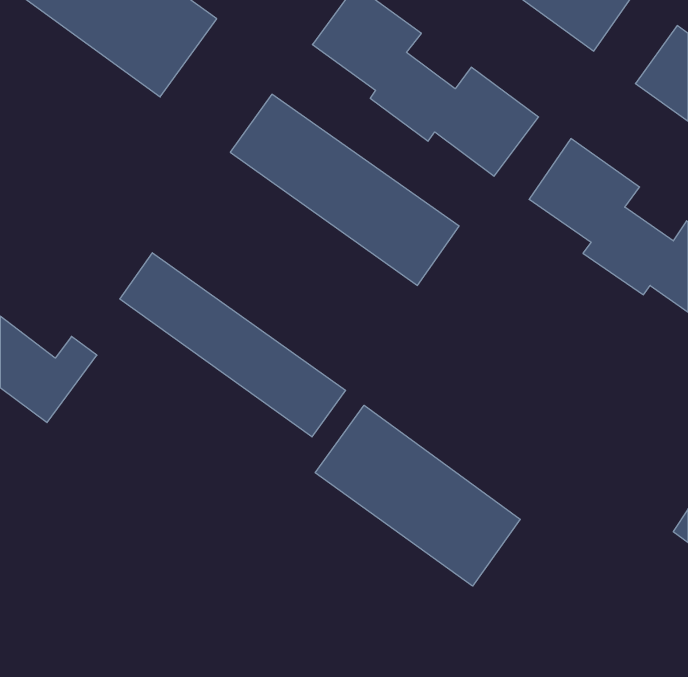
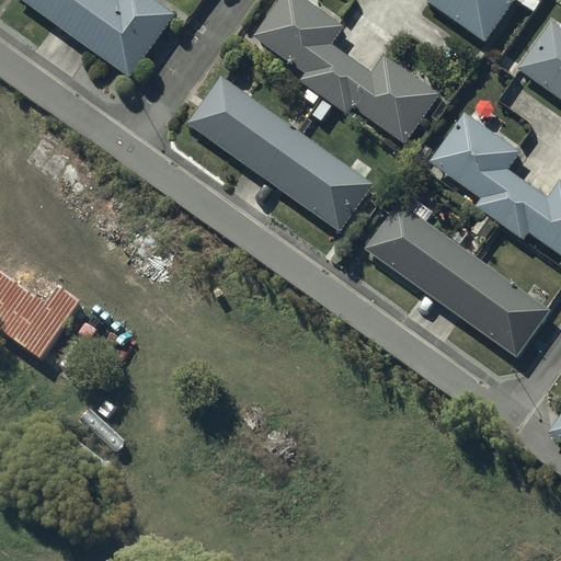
building: none -> [366,203,550,358]
building: [120,253,346,437] -> none
building: [315,405,520,586] -> none

